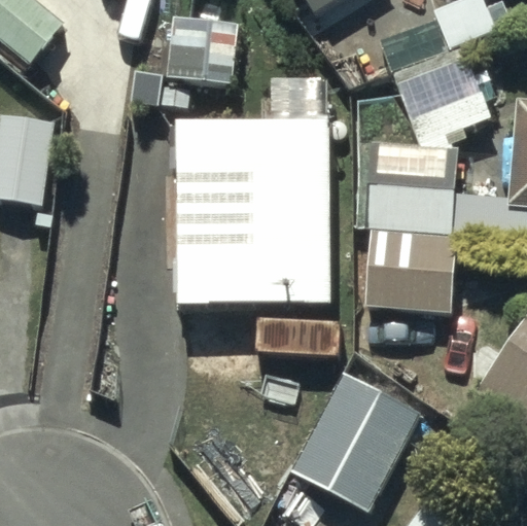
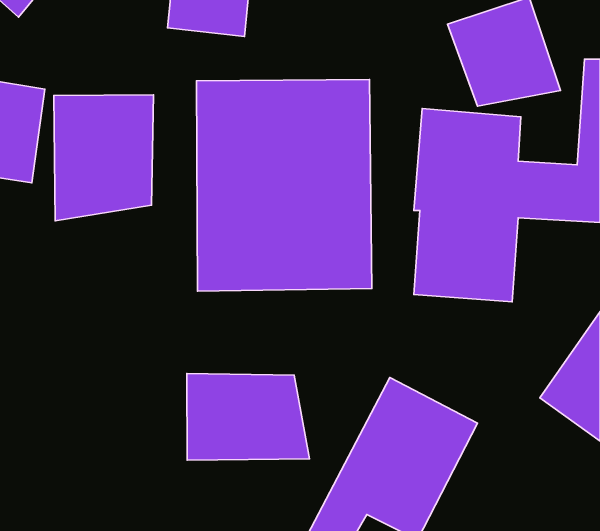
building: none -> [54,95,153,221]
building: none -> [187,374,309,460]

